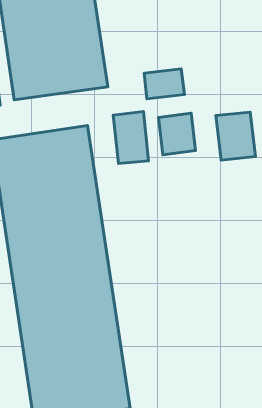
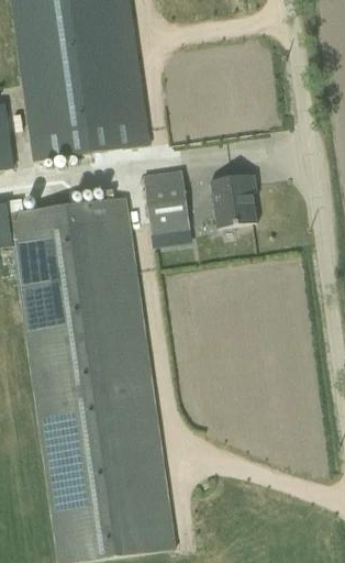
building: [144,69,185,99] -> none
building: [216,112,255,160] -> none

